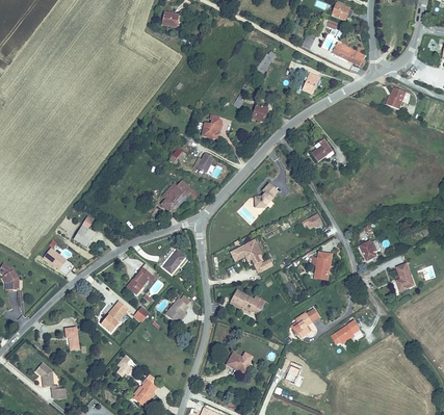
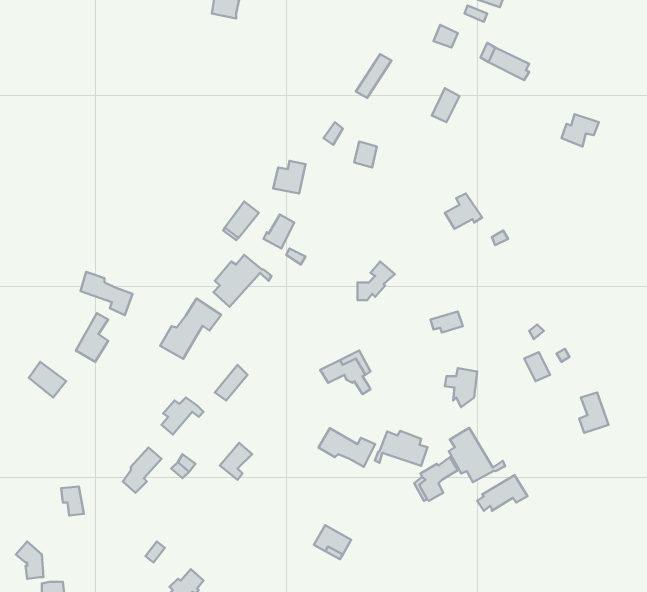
building: none -> [81,272,132,315]
building: none -> [160,298,221,359]
building: none -> [449,428,505,482]
building: none -> [375,431,428,466]

